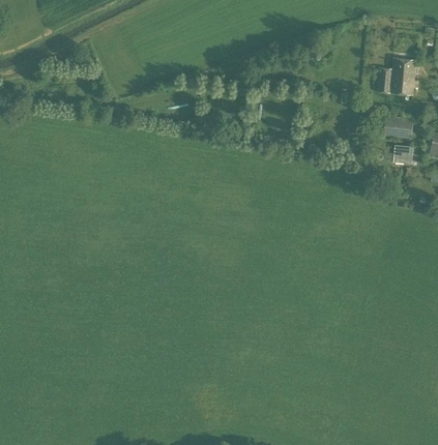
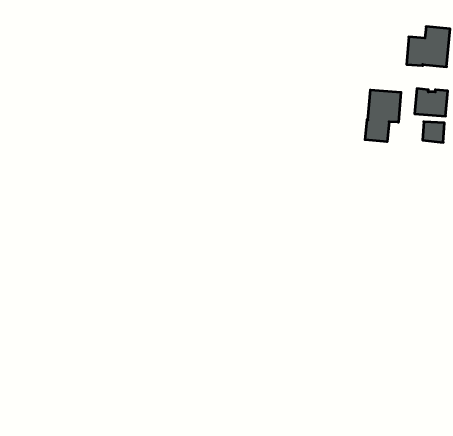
building: none -> [365,90,401,142]

